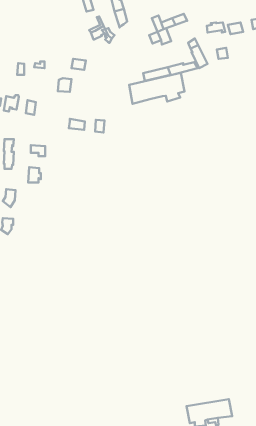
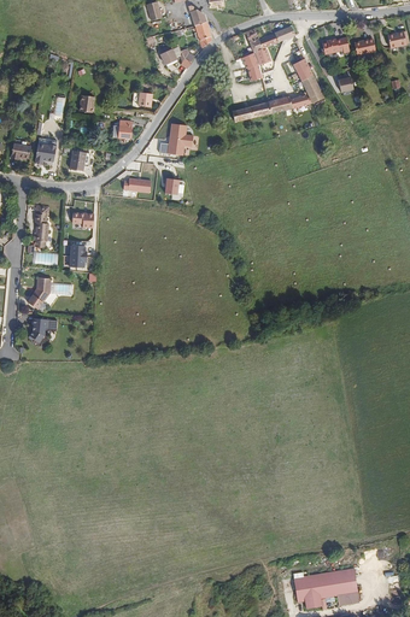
building: [129,73,185,104] -> none
building: none -> [166,122,193,154]

